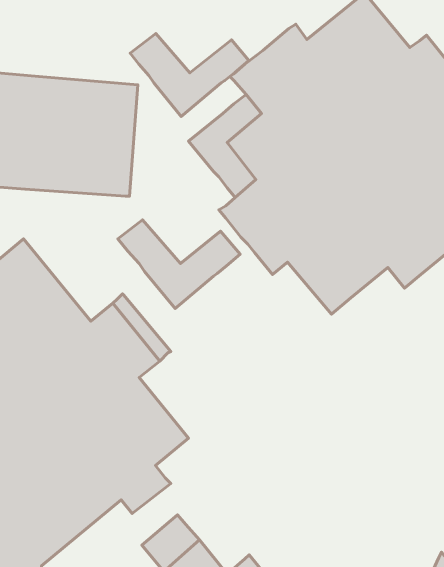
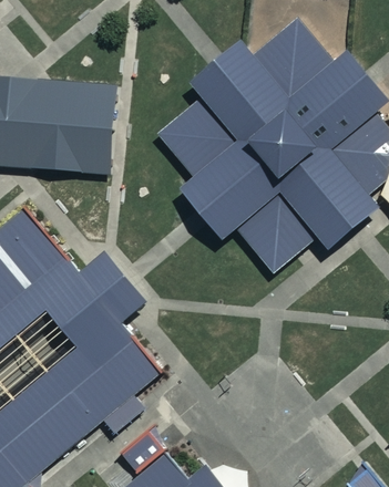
building: [130,33,249,116] -> none
building: [118,220,240,309] -> none

